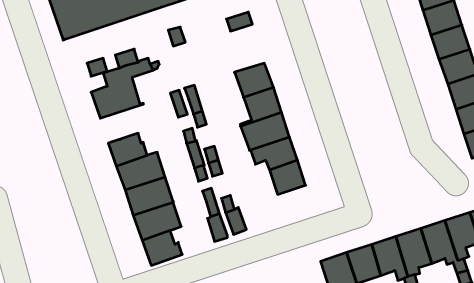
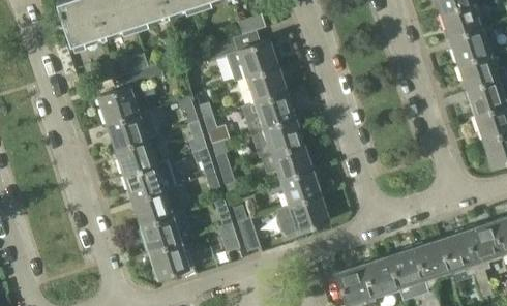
building: none -> [201,39,278,84]
building: none -> [109,112,161,152]
building: none -> [292,195,330,234]

